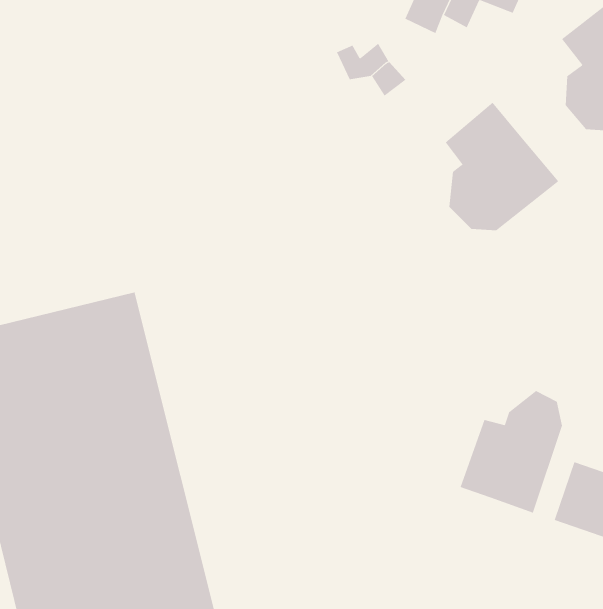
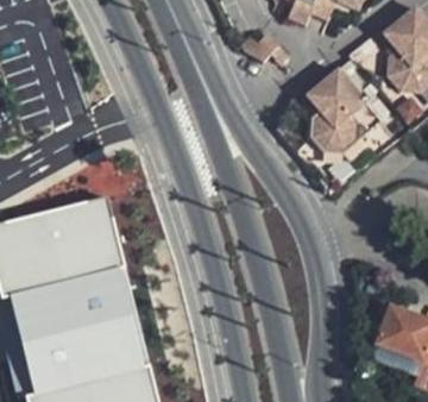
building: [460,390,563,513] -> none

